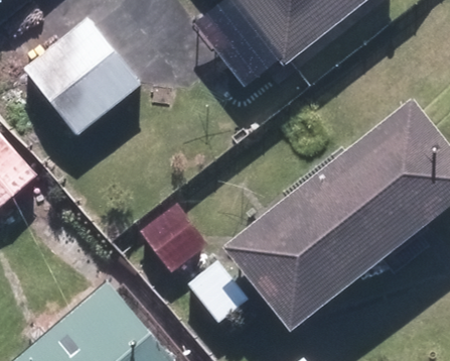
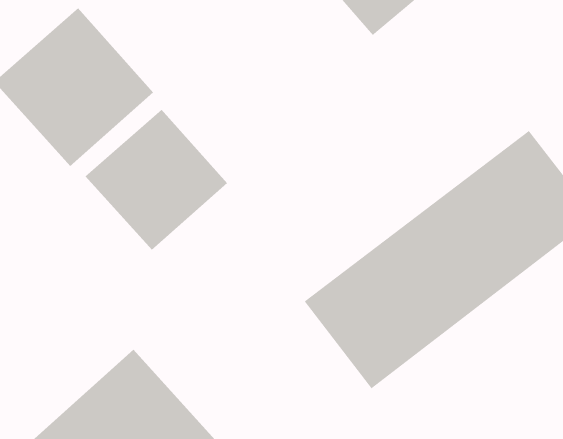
building: none -> [84,109,228,251]

